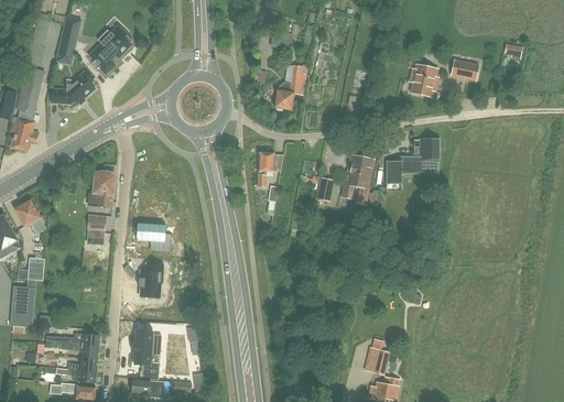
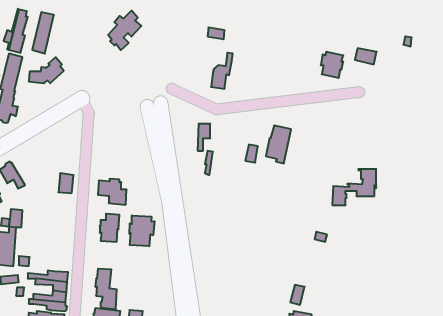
building: [89,25,130,74] -> [108,11,141,50]
building: [386,139,440,183] -> [332,169,376,205]
building: [87,171,117,207] -> none
building: none -> [129,215,154,246]

